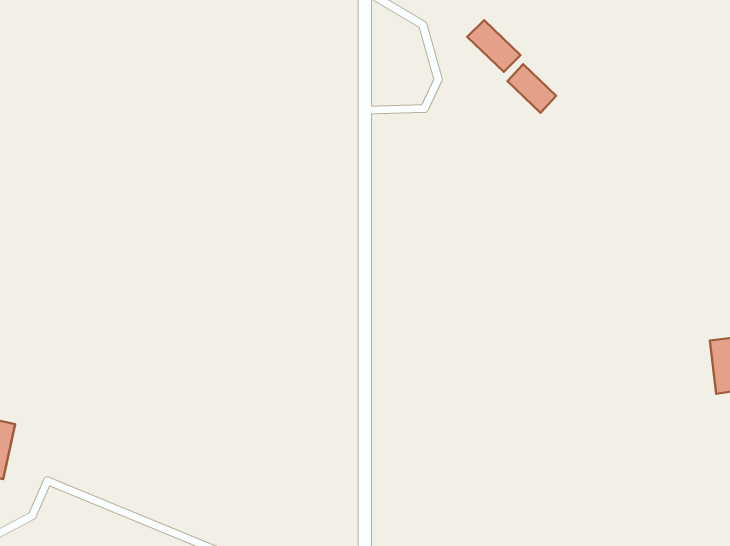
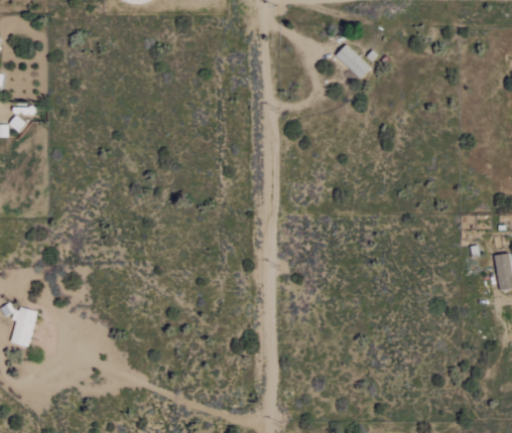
building: [507,64,556,113] -> none

